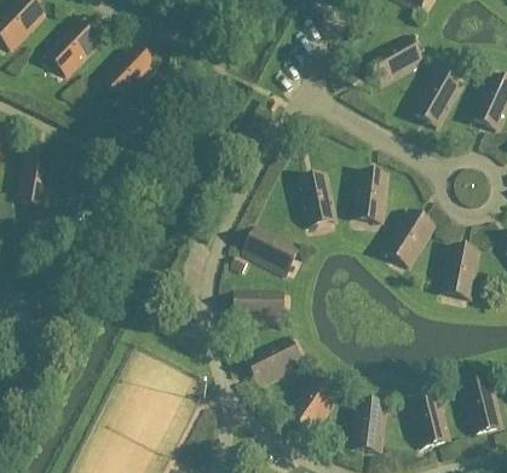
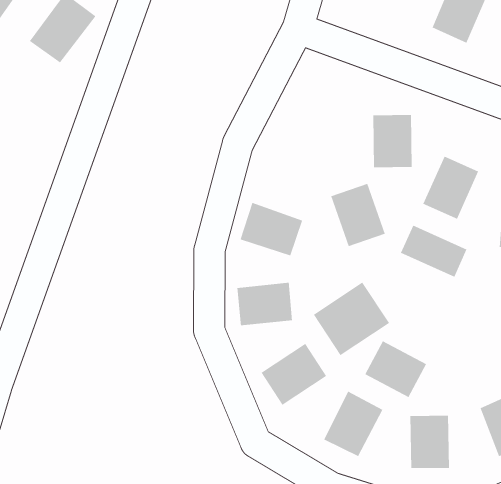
building: [296,173,335,220] -> [330,183,386,247]
building: none -> [400,224,468,278]
building: none -> [313,282,390,356]
building: none -> [364,340,427,398]

